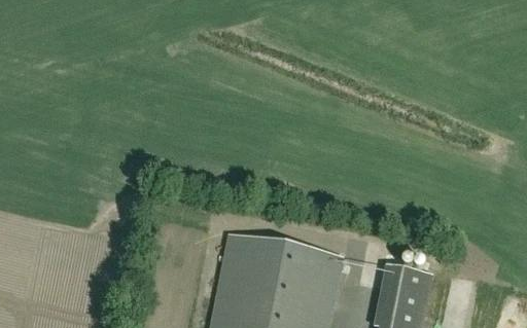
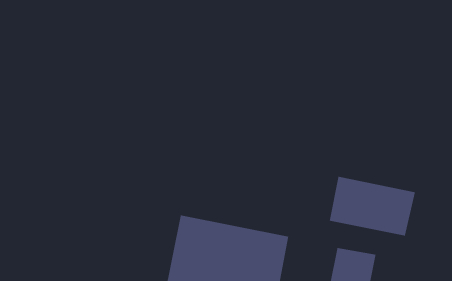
building: none -> [329,176,416,236]

